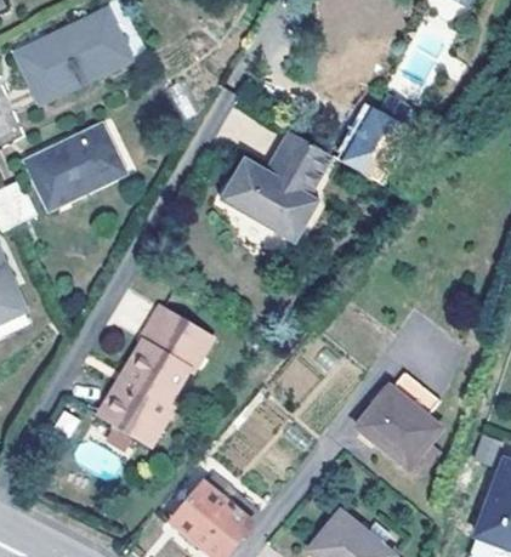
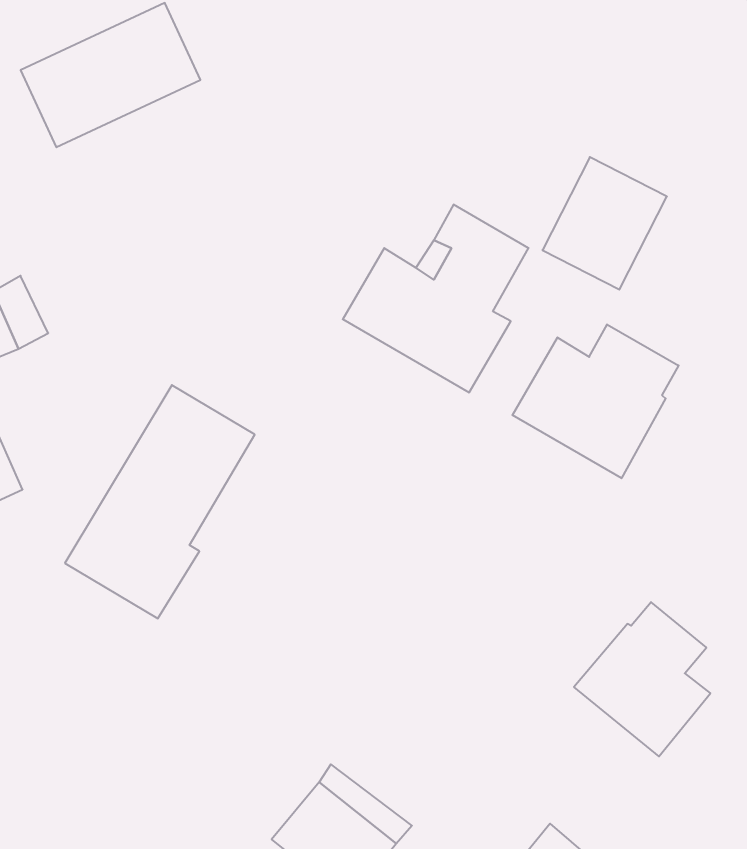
building: [27,125,124,204] -> none
building: none -> [512,324,679,478]
building: [96,308,212,451] -> [65,385,255,618]

